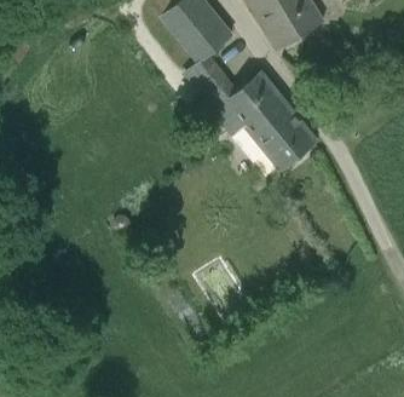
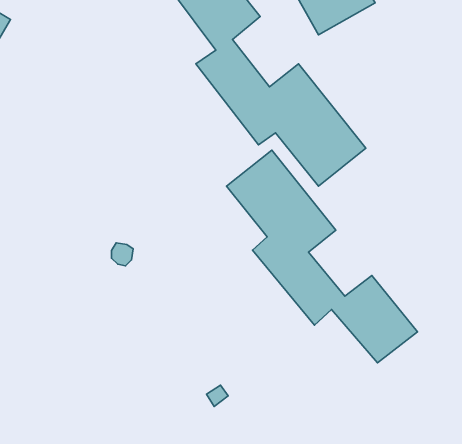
building: none -> [226,150,417,363]

